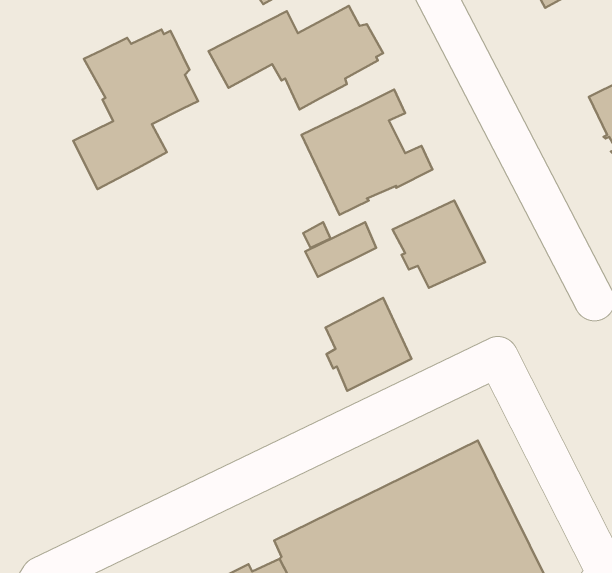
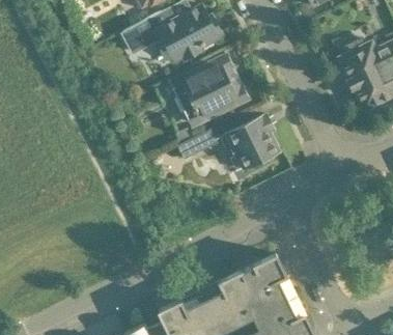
building: [73,30,198,189] -> none
building: [325,298,412,391] -> none

